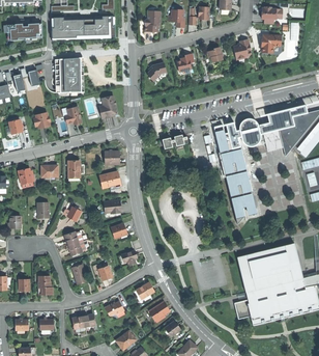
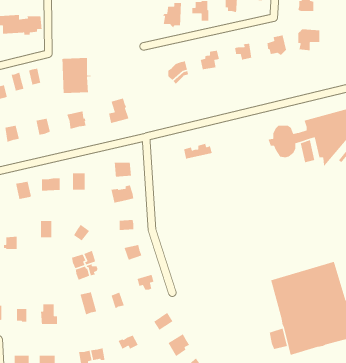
building: [50,16,107,38] -> none
building: [213,122,256,224] -> none

